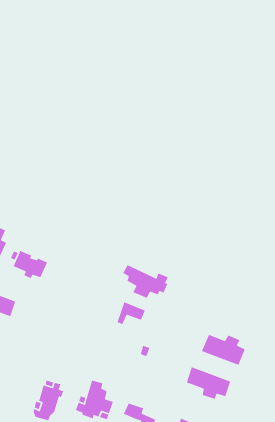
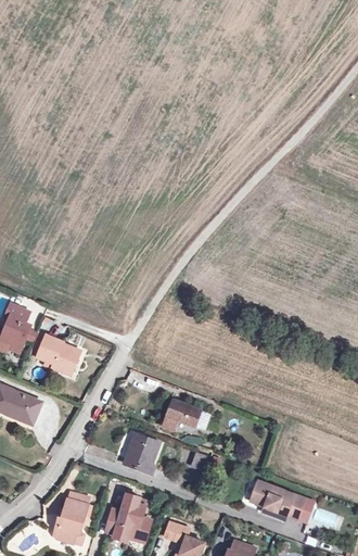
building: [122,264,169,299] -> none
building: none -> [119,433,157,472]
building: [201,334,246,366] -> none

